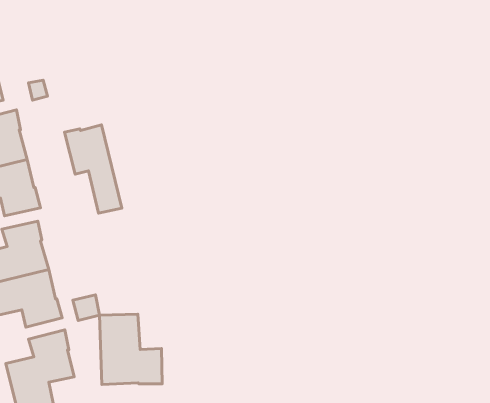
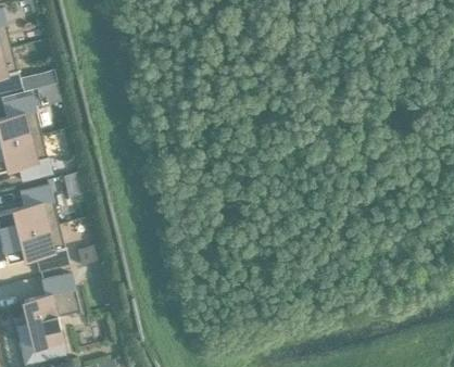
building: [64,125,122,213] -> none
building: [100,314,162,384] -> none

